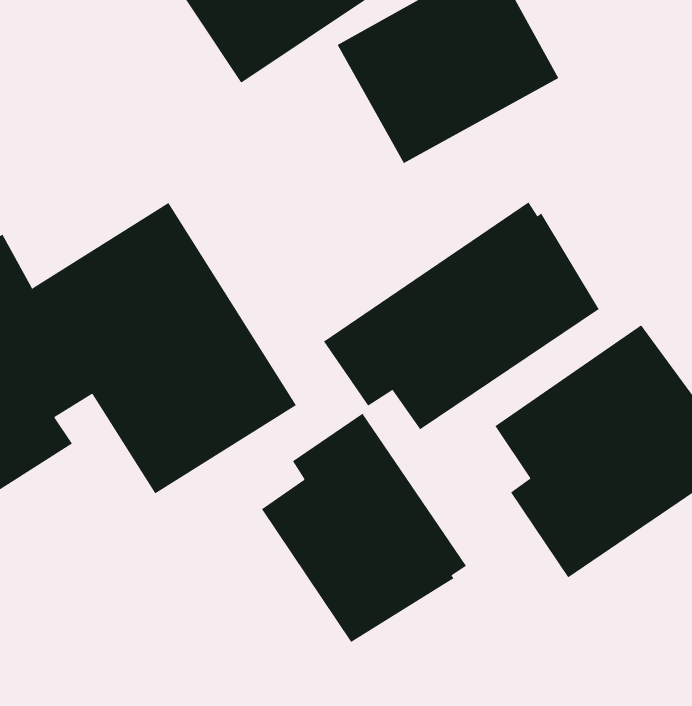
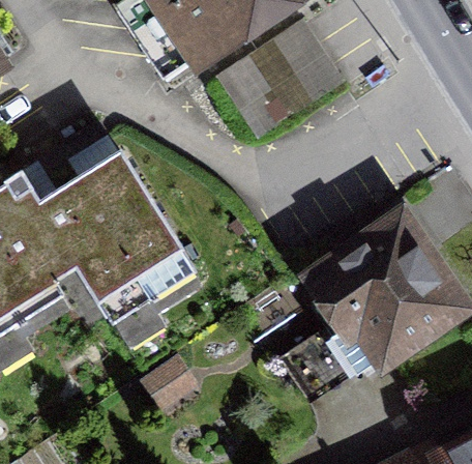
building: [323,202,599,430] -> none
building: [261,413,467,643] -> none

